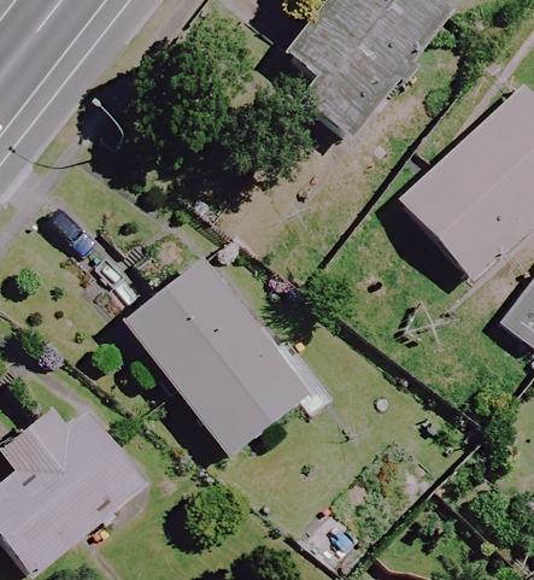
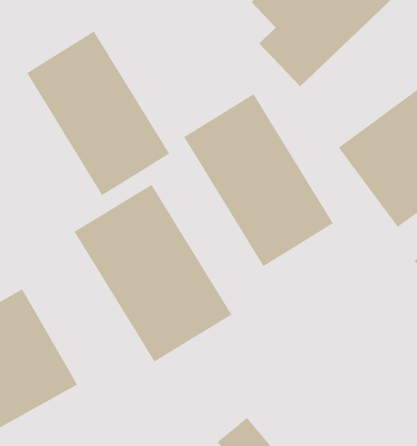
building: none -> [26,31,170,196]
building: none -> [183,93,334,267]

